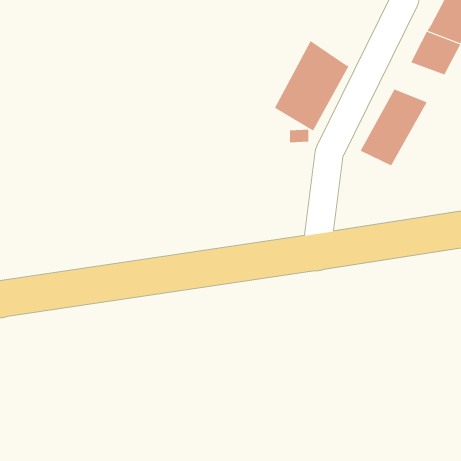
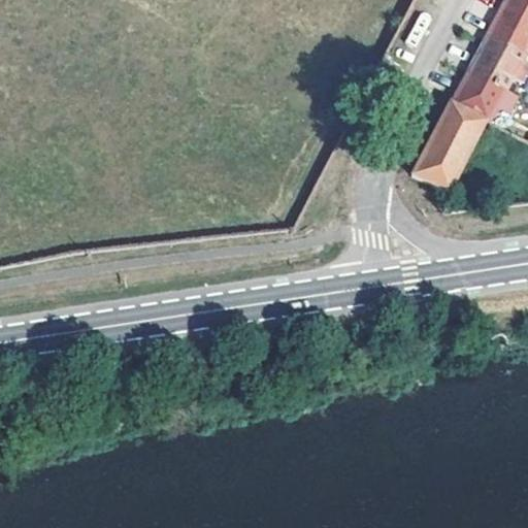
building: [274,40,349,132] -> none
building: none -> [453,71,508,117]

